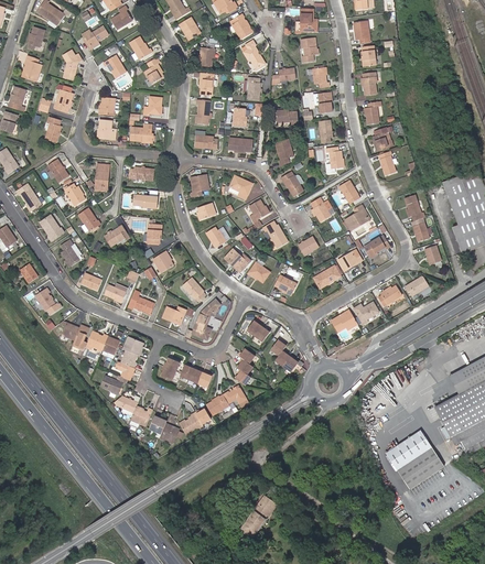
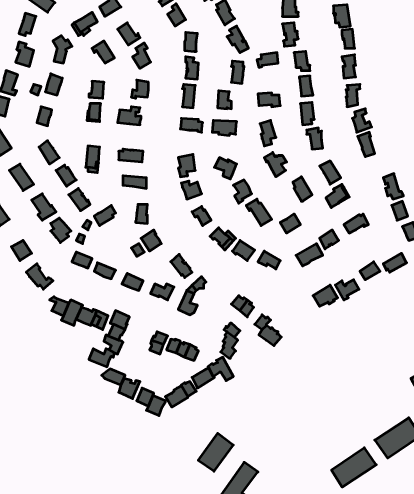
building: [385,429,431,469] -> [332,448,376,487]
building: none -> [198,433,233,471]

